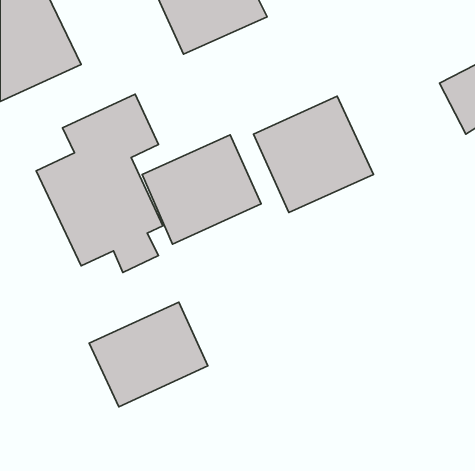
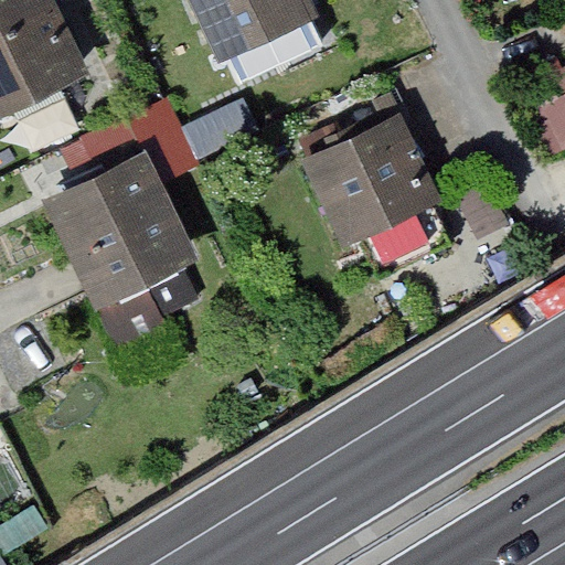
building: [142,135,261,244] -> none
building: [89,302,208,407] -> none

